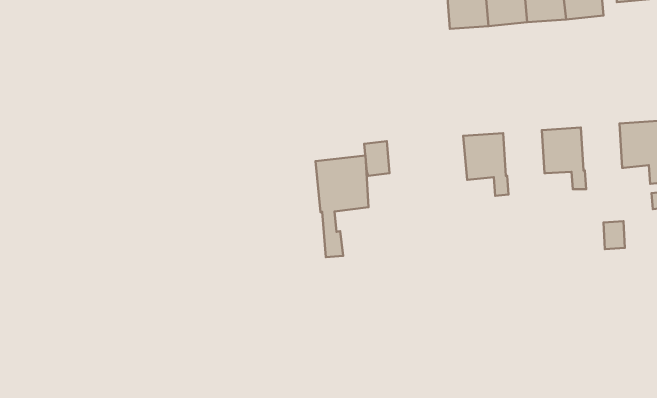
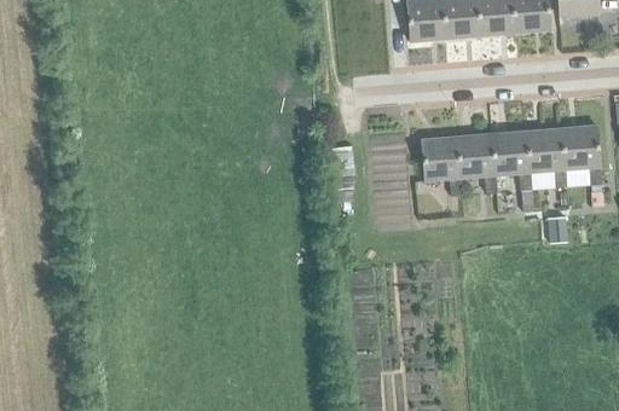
building: none -> [527,128,567,185]
building: none -> [457,134,497,190]
building: [316,156,369,257] -> none

